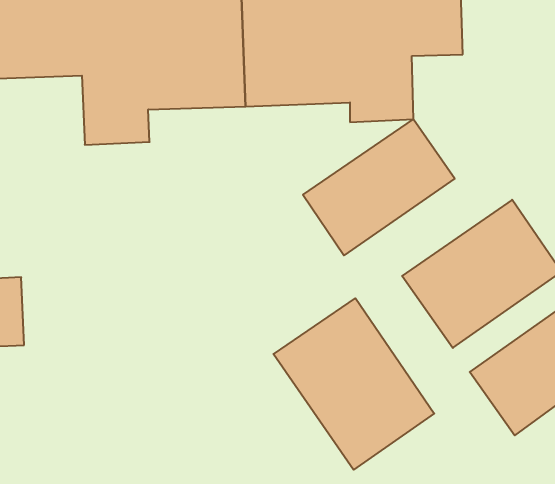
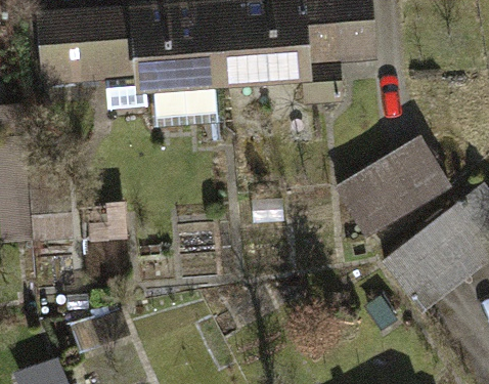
building: [303,119,455,255] -> none
building: [273,298,434,470] -> none

